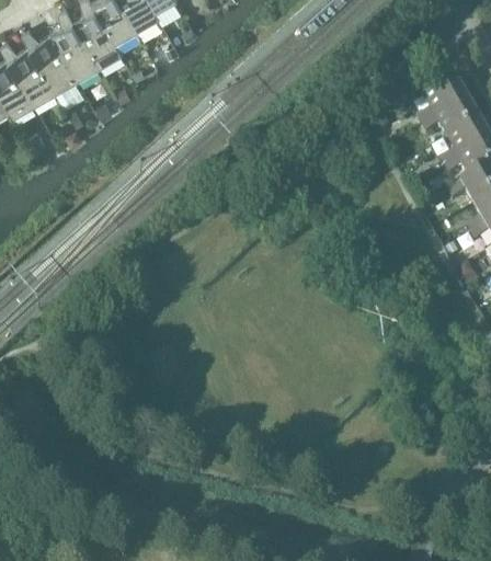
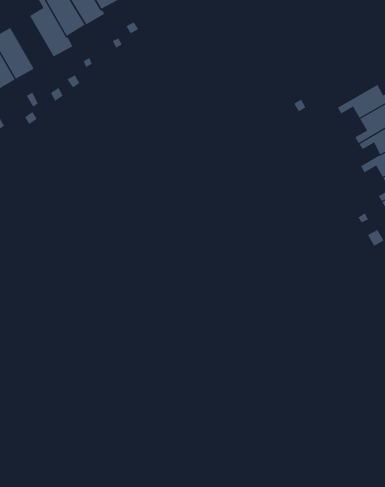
building: [54,9,102,81] -> none
building: [420,76,470,125] -> none

